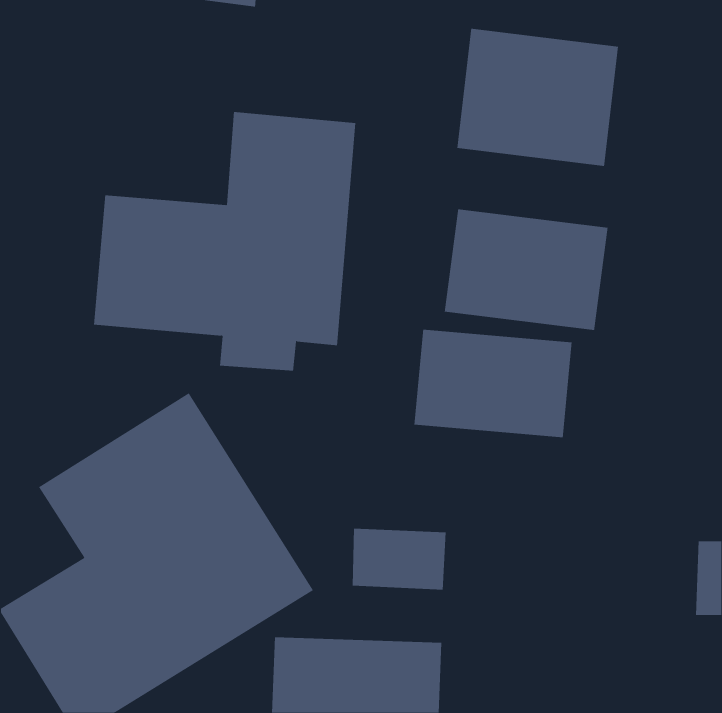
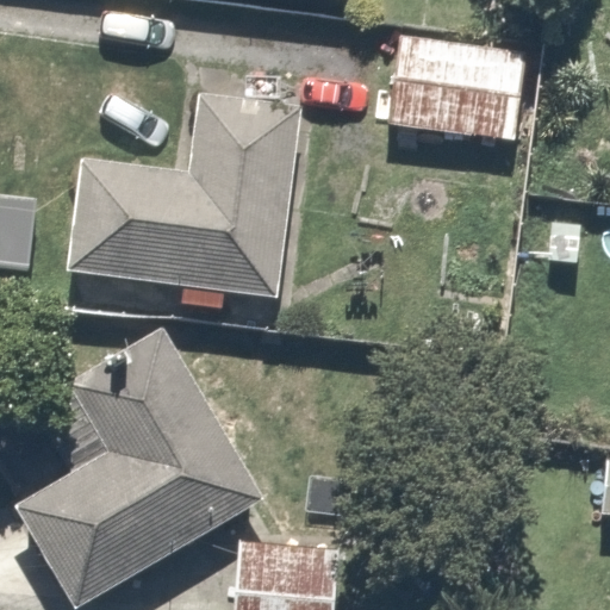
building: [444,208,608,331] -> none
building: [414,329,572,438] -> none

